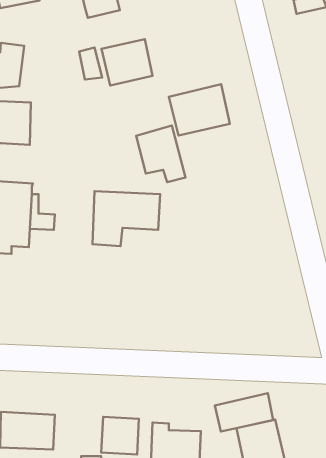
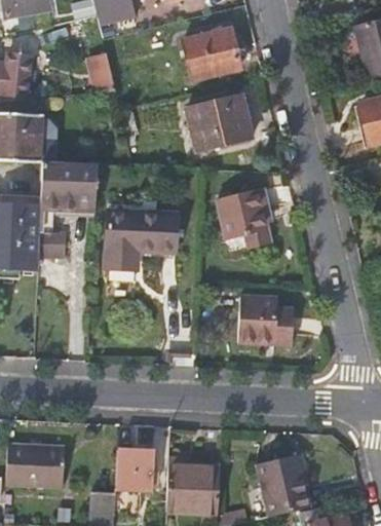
building: [101,39,153,85] -> [185,29,239,78]
building: [136,125,185,182] -> [218,187,270,248]
building: none -> [41,160,98,208]
building: none -> [238,297,294,342]
building: [215,393,273,432] -> none

